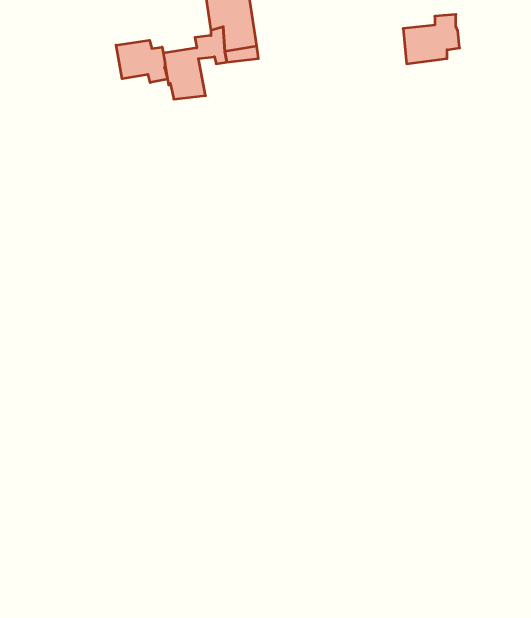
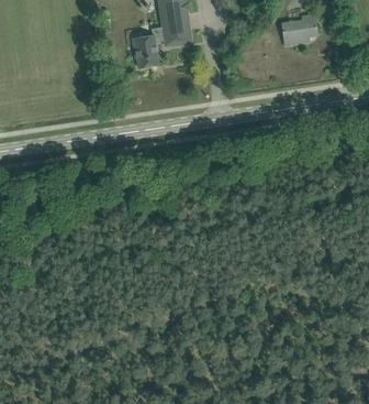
building: [116,40,168,83] -> none

